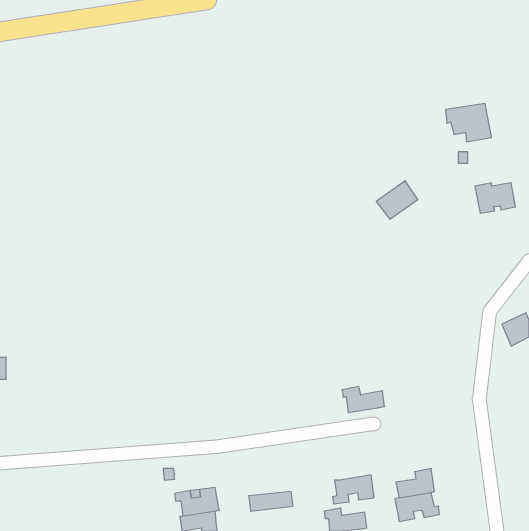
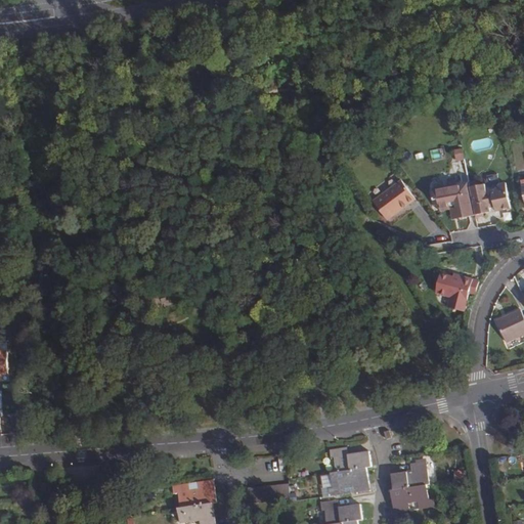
building: [446,103,491,142] -> [428,177,473,215]
building: none -> [436,272,478,310]
building: [342,387,385,413] -> [329,447,370,473]

